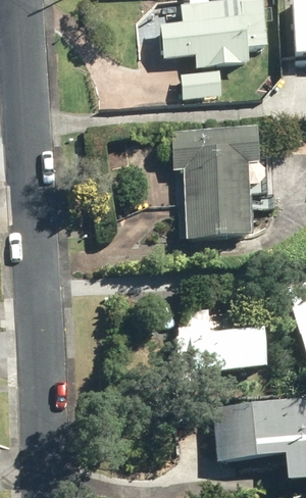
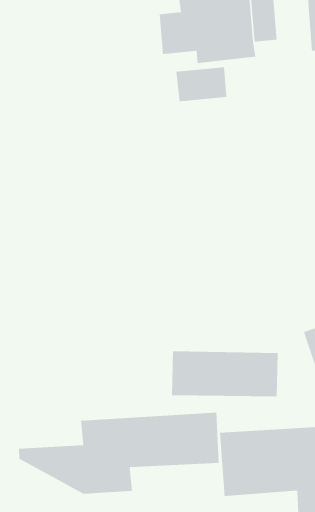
building: [173,127,259,236] -> none
building: none -> [19,412,219,495]

